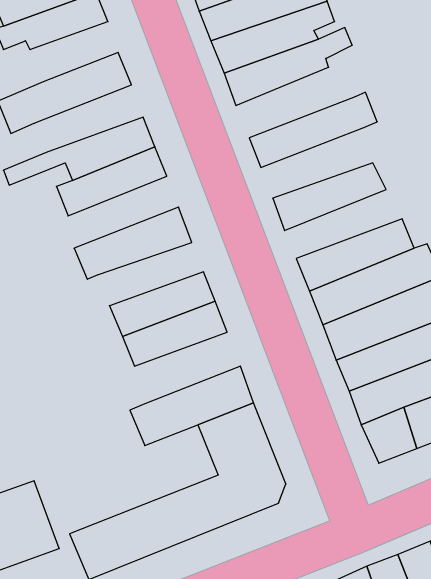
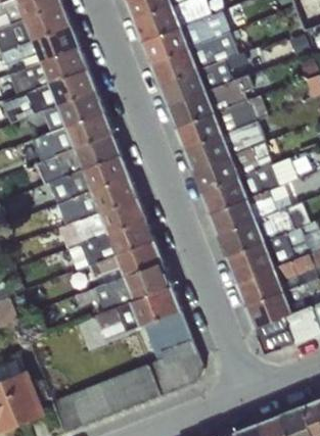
building: none -> [14,47,86,89]
building: none -> [168,72,254,128]
building: none -> [28,91,103,138]
building: none -> [185,120,266,169]
building: none -> [47,154,128,204]
building: none -> [201,157,296,211]
building: none -> [72,200,145,244]
building: none -> [74,262,171,312]

